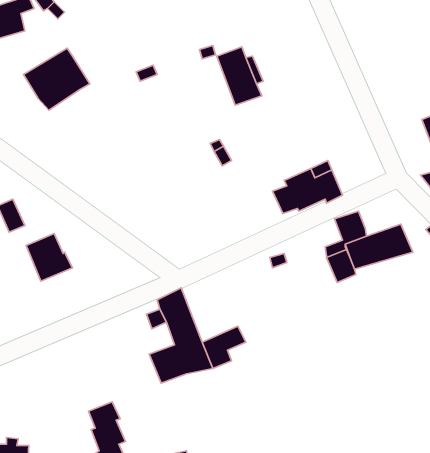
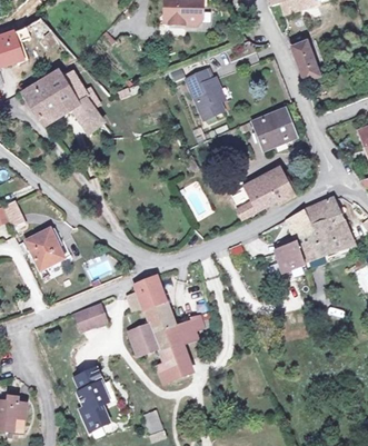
building: none -> [290,42,320,82]
building: none -> [64,75,101,132]
building: none -> [250,109,294,149]
building: none -> [305,198,340,230]
building: none -> [73,305,107,331]
building: none -> [160,341,191,378]

